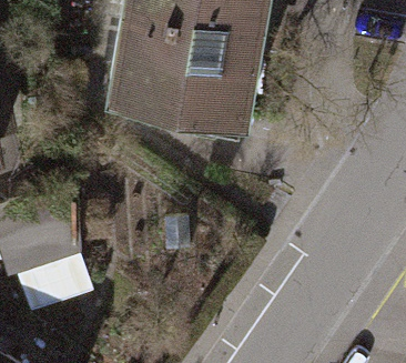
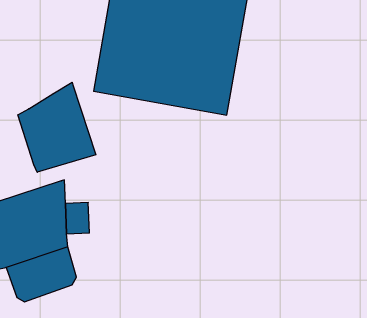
building: none -> [18,82,96,172]

